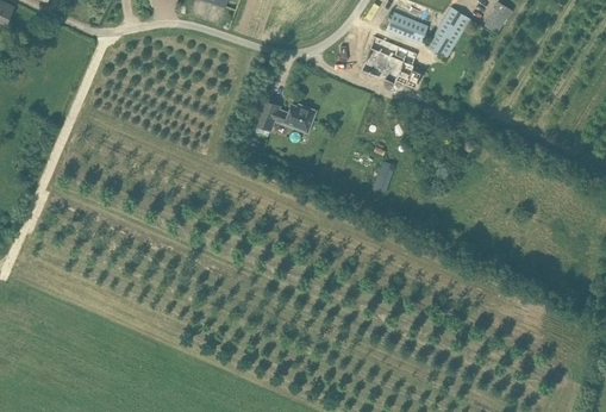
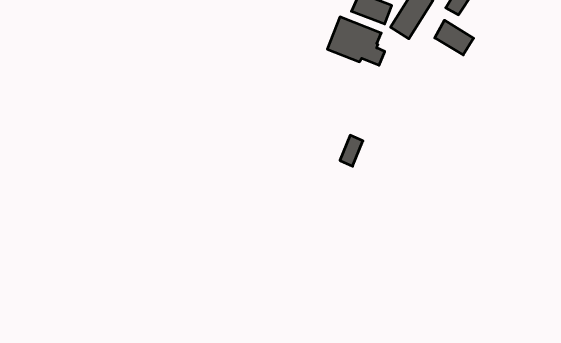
building: none -> [435,20,474,55]
building: [252,100,314,133] -> none

